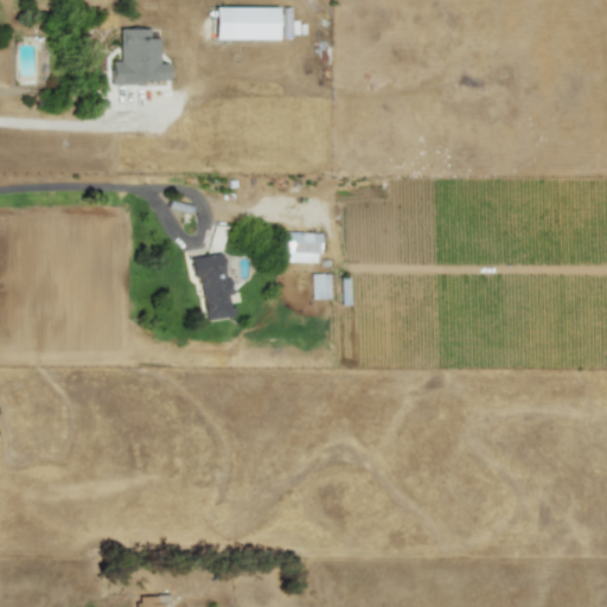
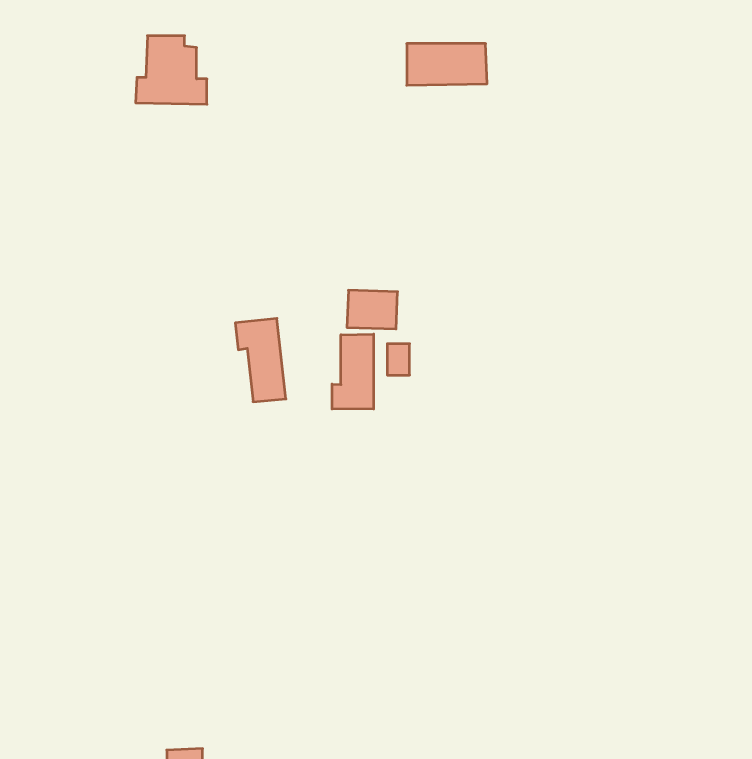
building: [217,7,281,40] -> [407,44,487,85]
building: none -> [332,334,374,409]

